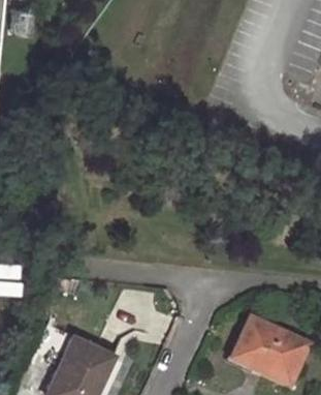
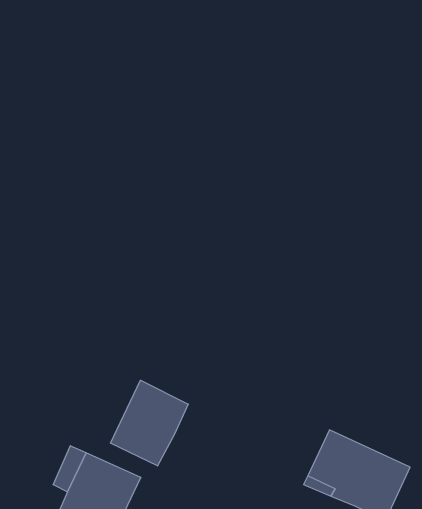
building: none -> [111,380,188,466]

